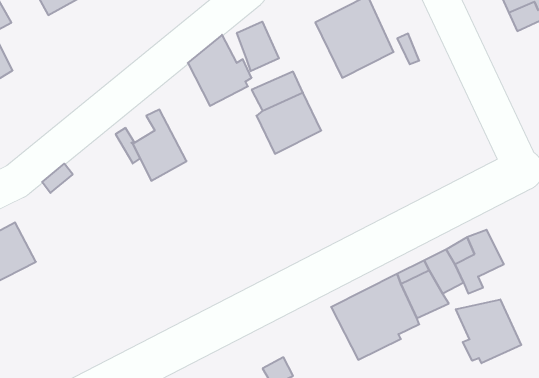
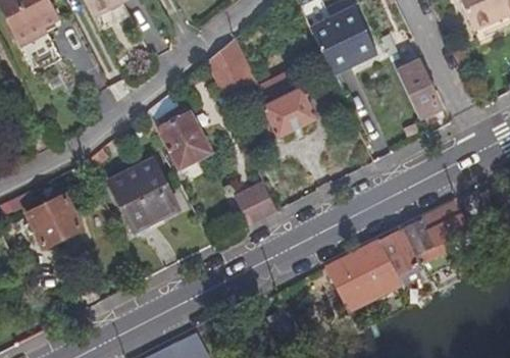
building: [237,22,279,71] -> none
building: none -> [395,61,437,117]
building: none -> [113,160,182,228]
building: none -> [241,181,279,221]
building: [456,299,521,363] -> none

